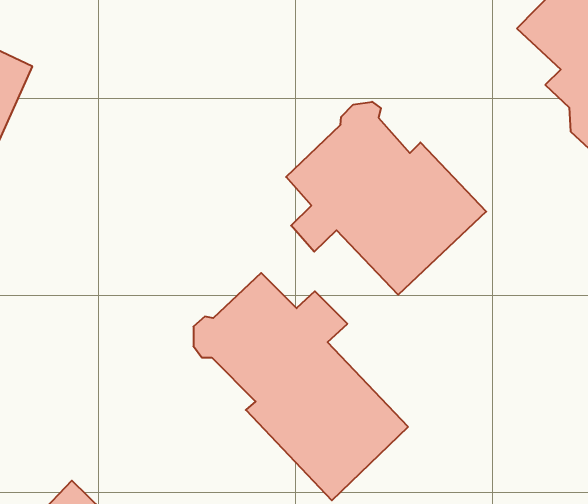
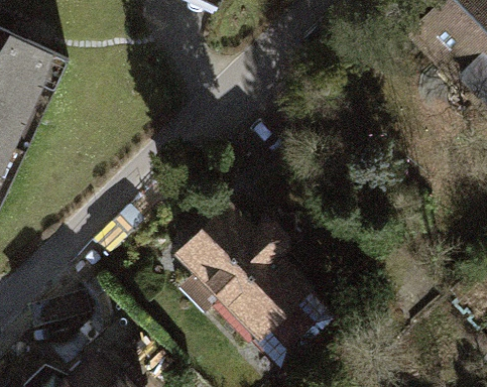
building: [286,102,486,295] -> none

